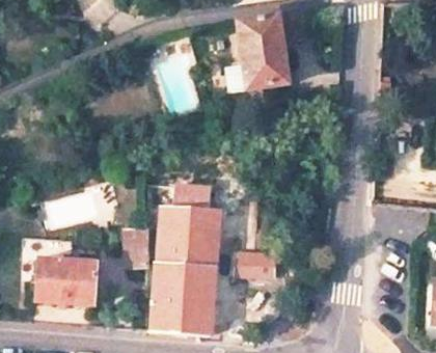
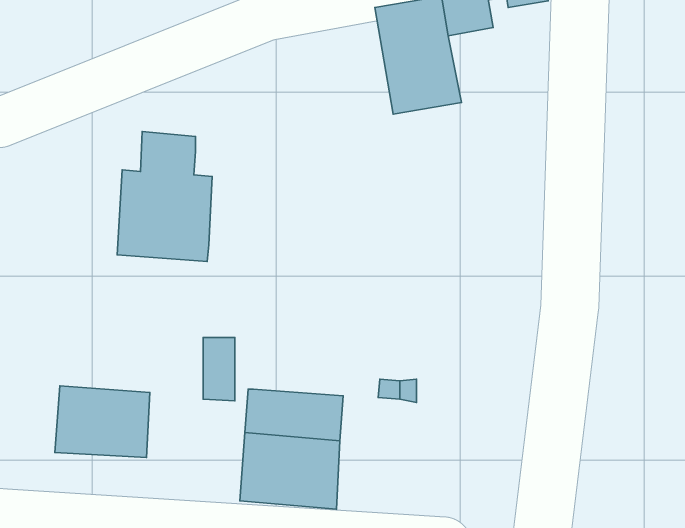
building: [159,184,218,265] -> [117,132,212,262]

